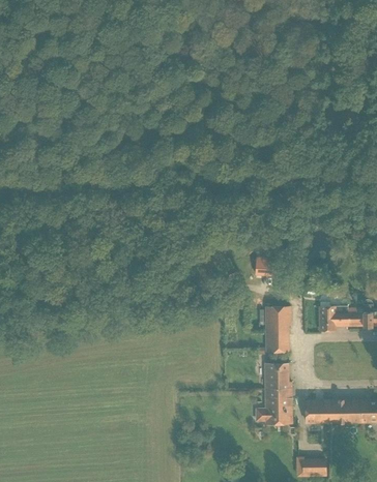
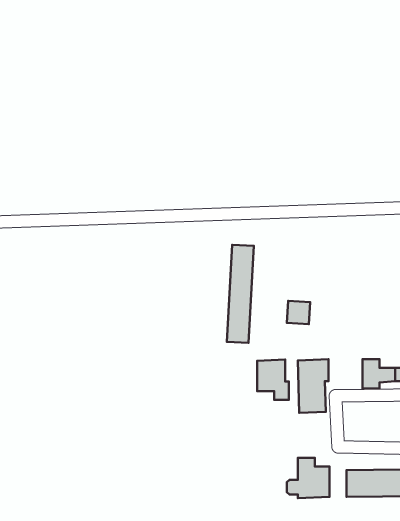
building: none -> [227,245,254,343]
building: [265,364,292,398] -> [257,360,289,400]

